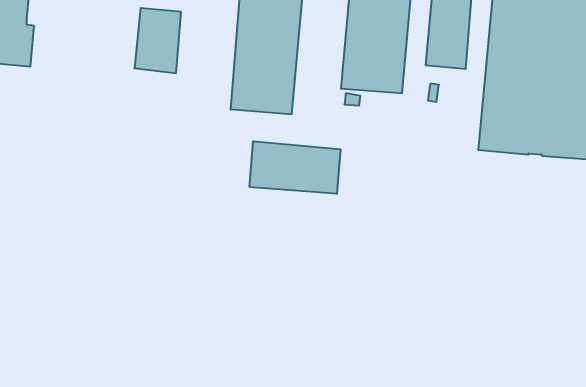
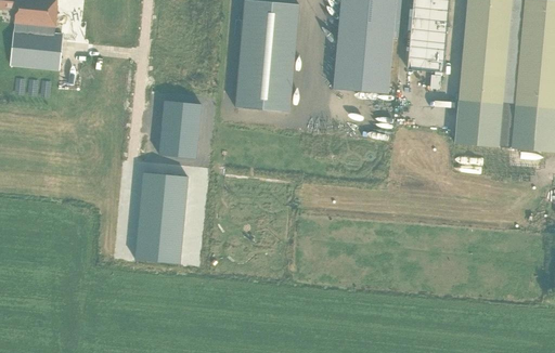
building: [134,8,181,73] -> [159,101,201,158]
building: [250,141,340,194] -> none
building: none -> [134,171,186,261]

